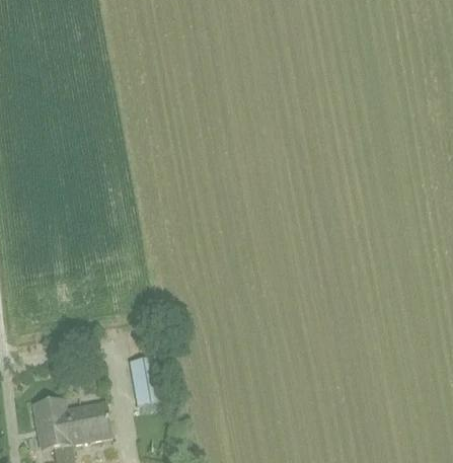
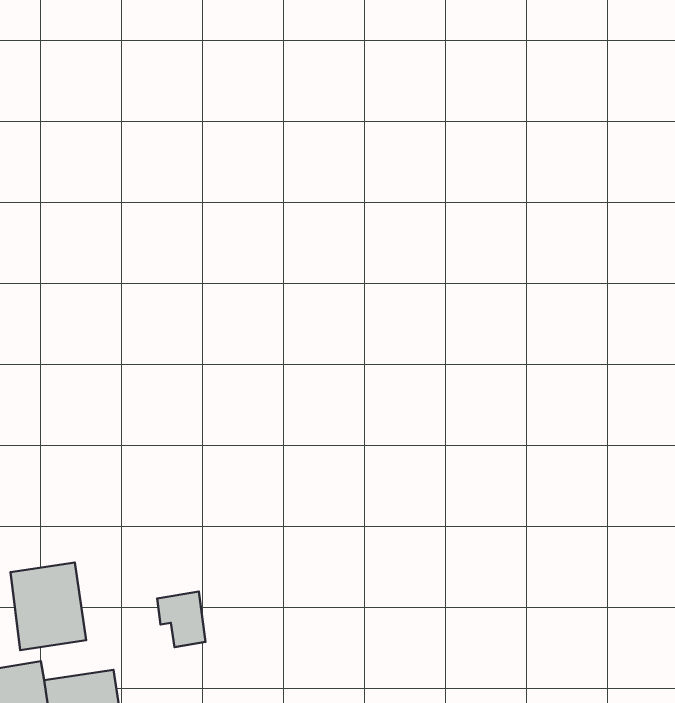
building: none -> [10,563,86,650]

